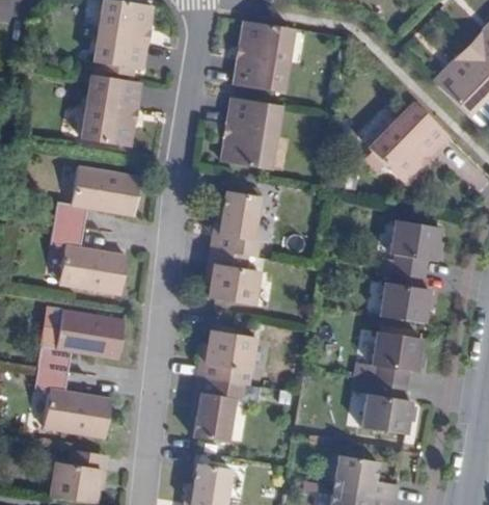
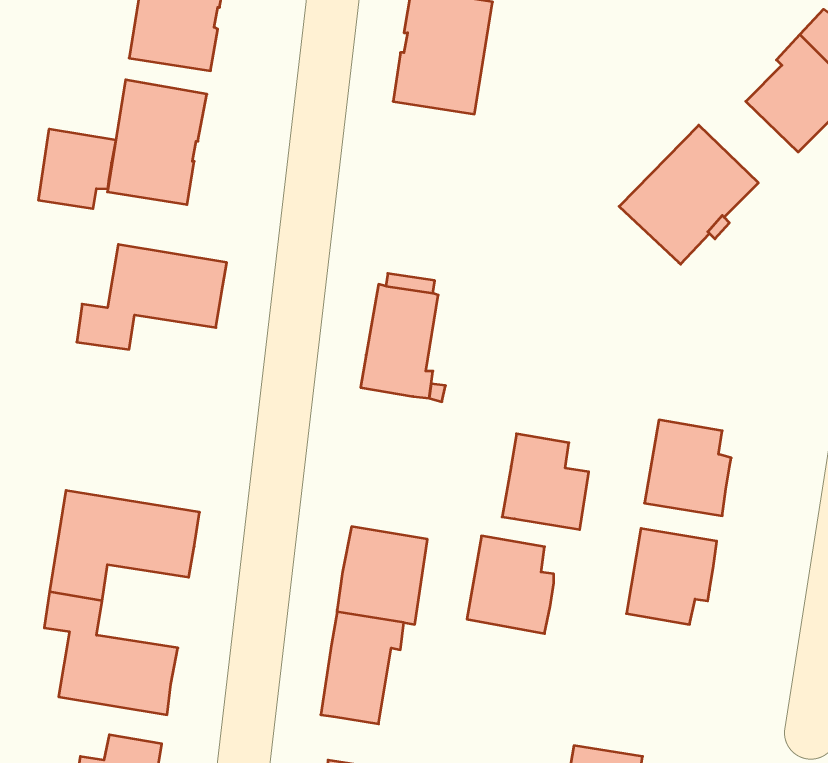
building: [223,98,280,169] -> none
building: none -> [39,129,116,209]
building: [388,219,440,274] -> none
building: [50,223,128,294] -> none
building: [209,249,259,304] -> [502,434,589,530]
building: [361,379,411,435] -> [467,536,554,634]

